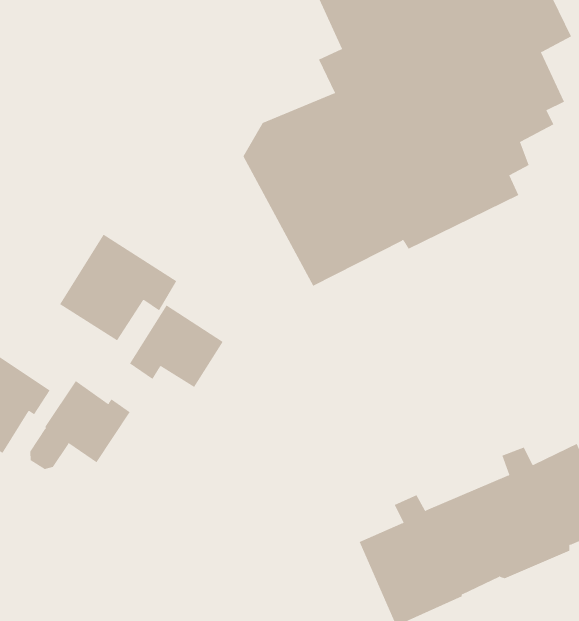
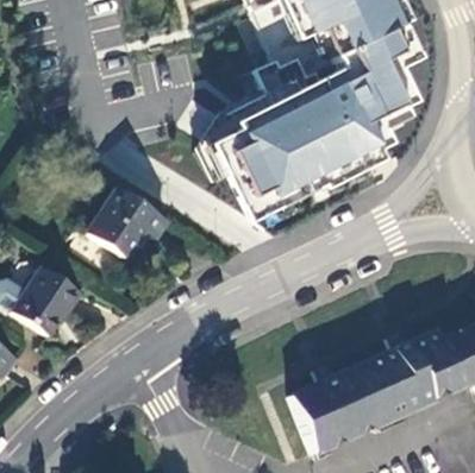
building: [129,305,224,388] -> none
building: [30,380,131,470] -> none

